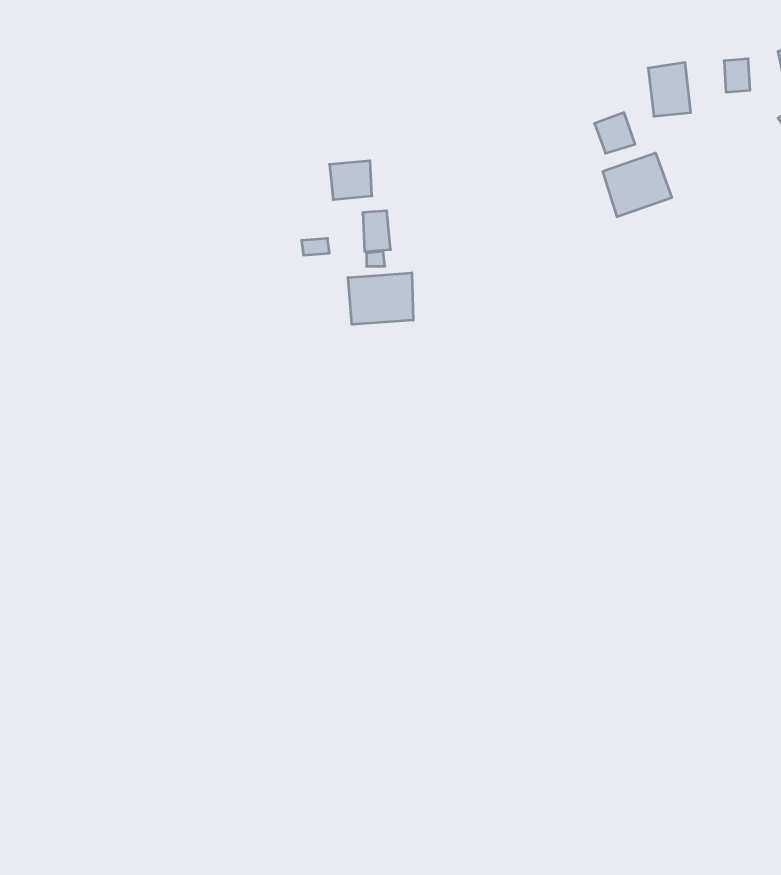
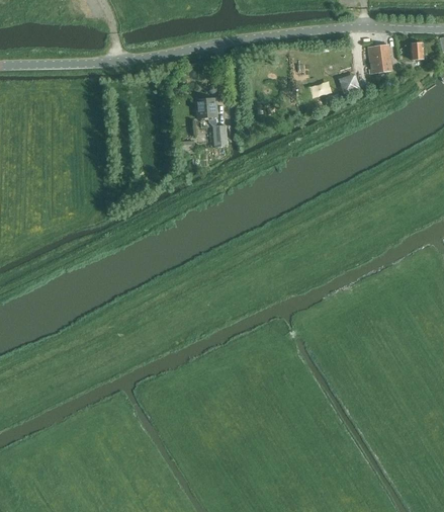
building: [603,153,672,217] -> none
building: [348,273,413,324] -> none

